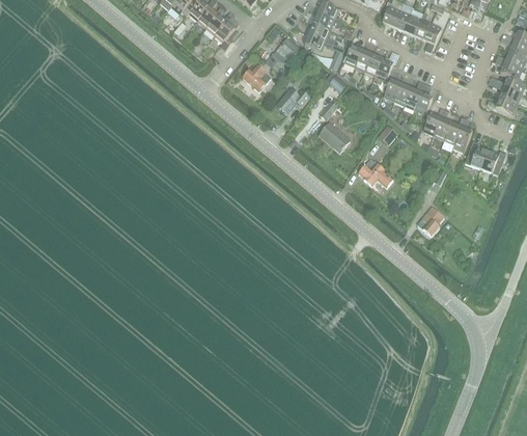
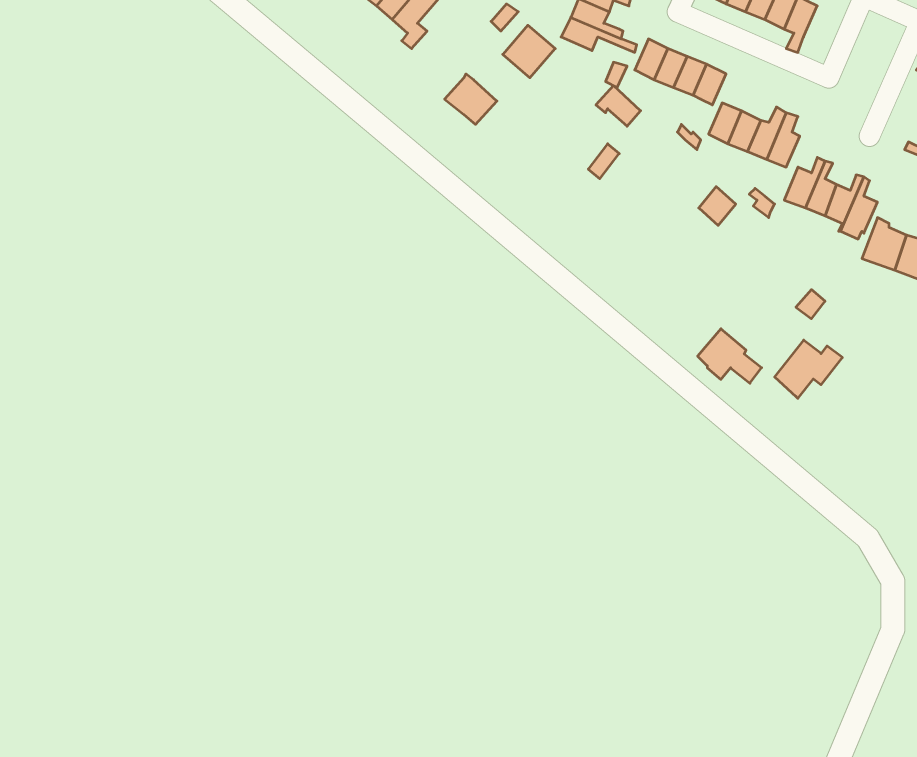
building: [276,87,309,113] -> none
building: [318,120,349,149] -> none
building: [358,157,392,186] -> [698,329,762,383]

